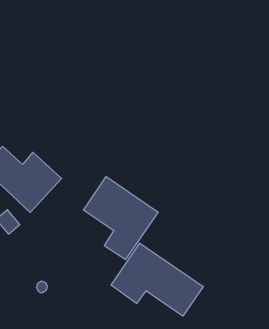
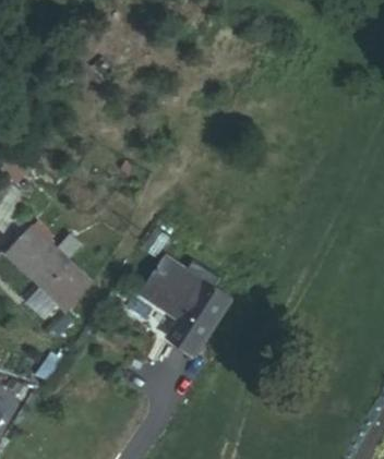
building: [111,243,203,316] -> none

